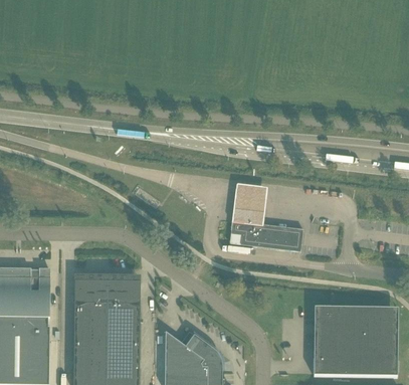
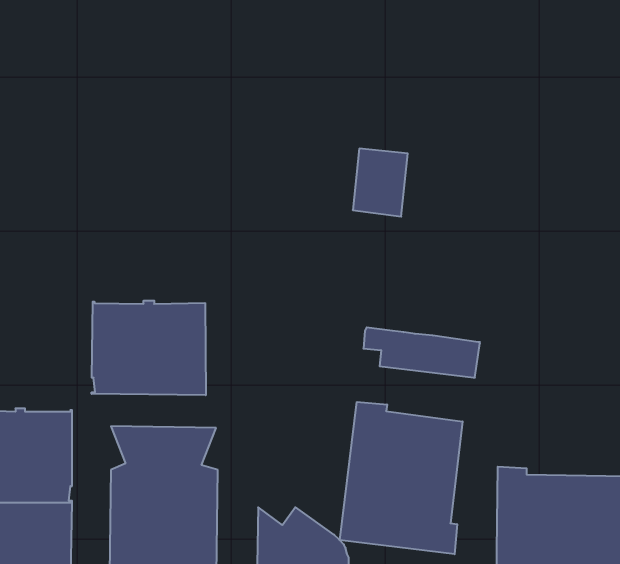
building: [233,181,267,223] -> [353,149,408,217]
building: none -> [92,301,206,395]
building: none -> [340,402,463,554]

